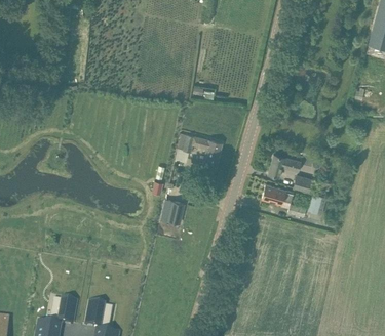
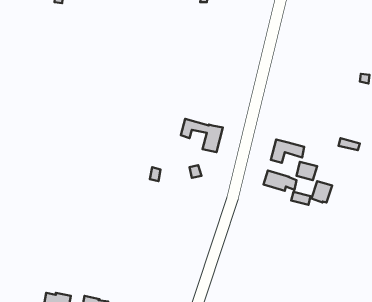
building: [161,199,184,223] -> none

